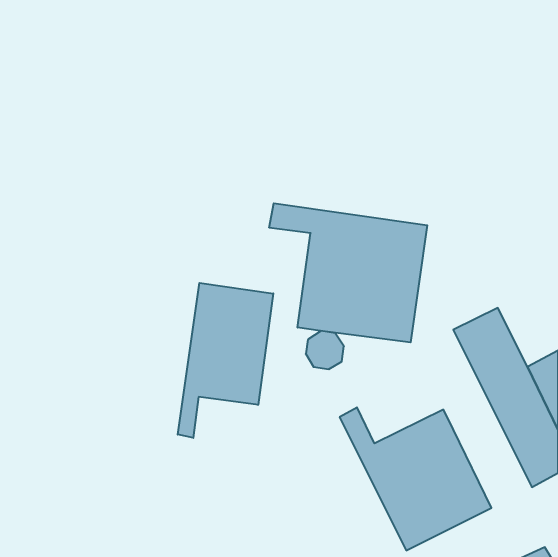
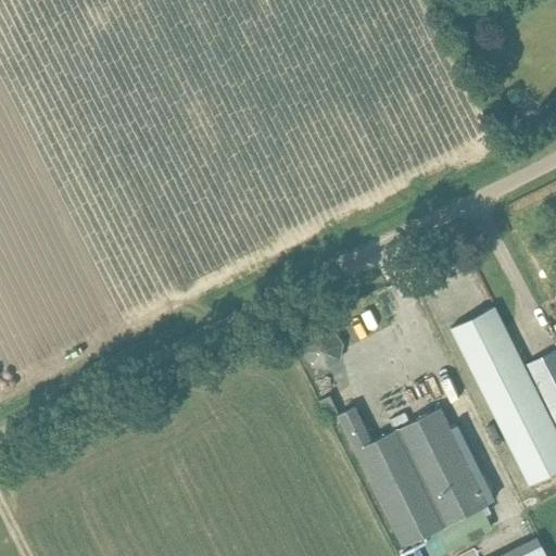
building: [269,203,427,342] -> none
building: [178,283,273,438] -> none

